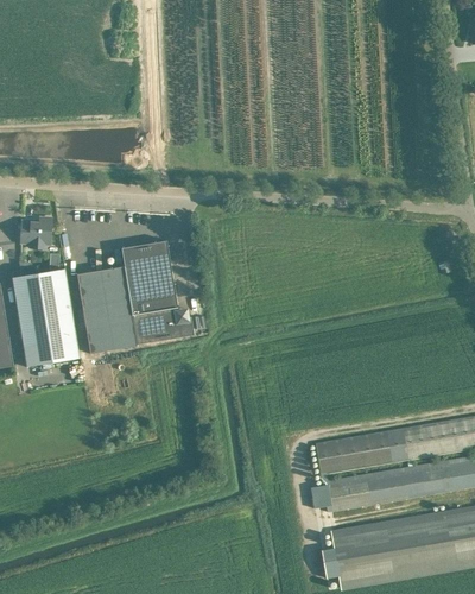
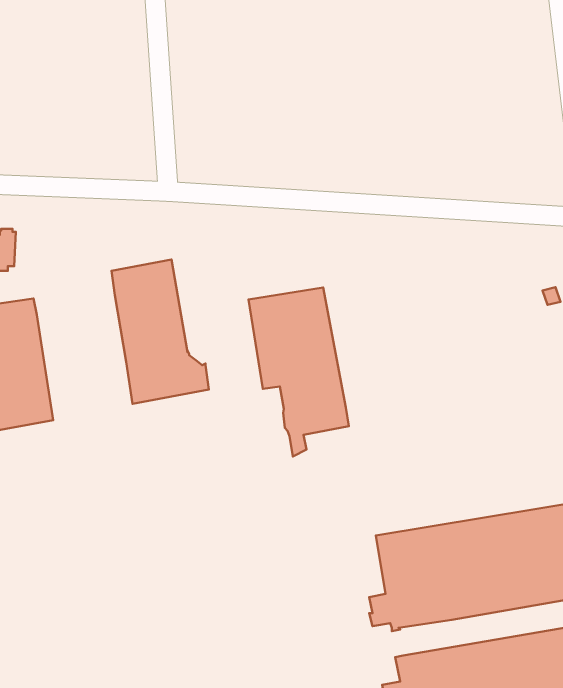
building: none -> [249,288,349,457]
building: [76,266,137,353] -> none

